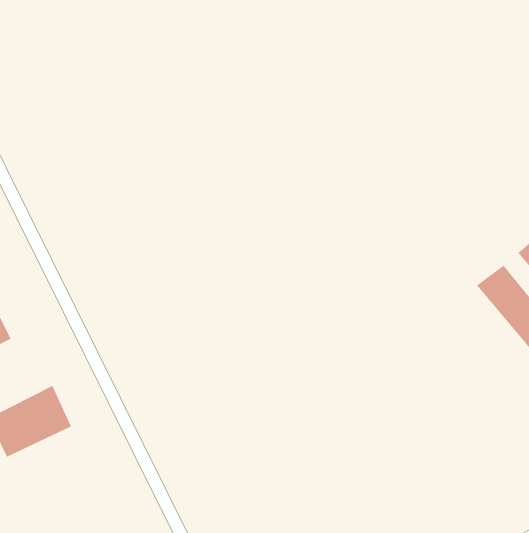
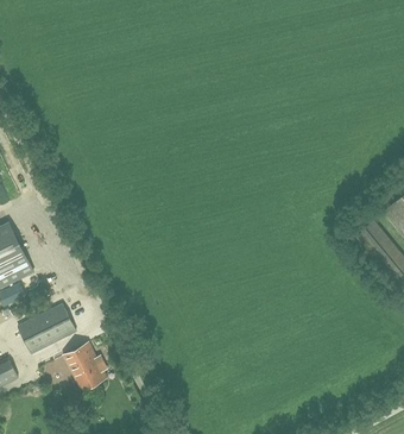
building: none -> [63,341,107,389]

